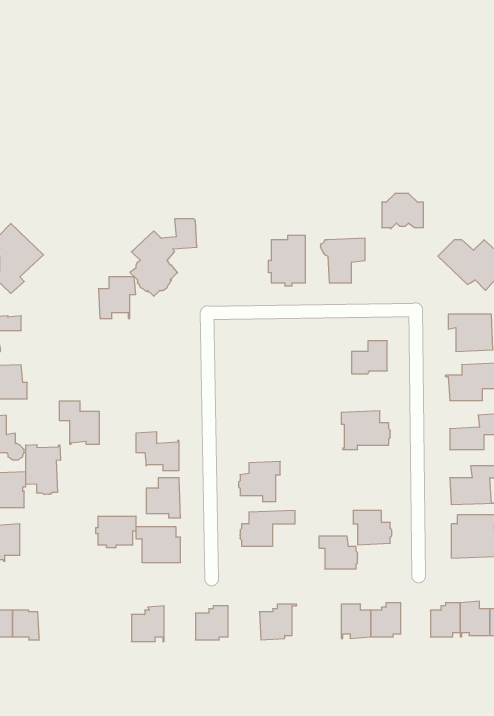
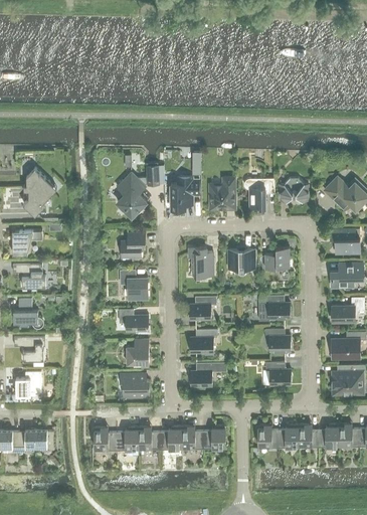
building: [382,193,423,229] -> [280,178,308,202]
building: none -> [170,177,199,209]
building: [98,277,136,318] -> [120,233,145,262]
building: none -> [188,248,212,276]
building: none -> [227,249,254,276]
building: [59,401,99,444] -> [120,271,147,300]
building: none -> [188,296,216,320]
building: [26,445,60,494] -> none
building: [96,516,136,548] -> none
building: [319,536,358,569] -> [264,329,291,351]
building: none -> [298,424,318,448]
building: none -> [138,426,159,451]
building: none -> [181,426,203,450]
building: none -> [91,427,116,451]

